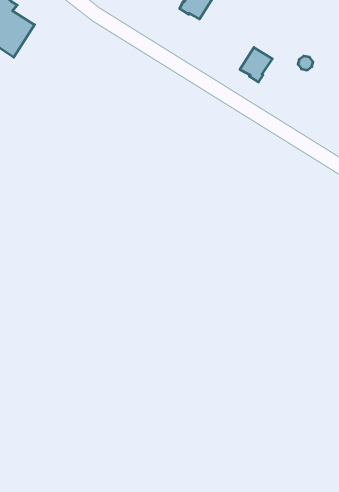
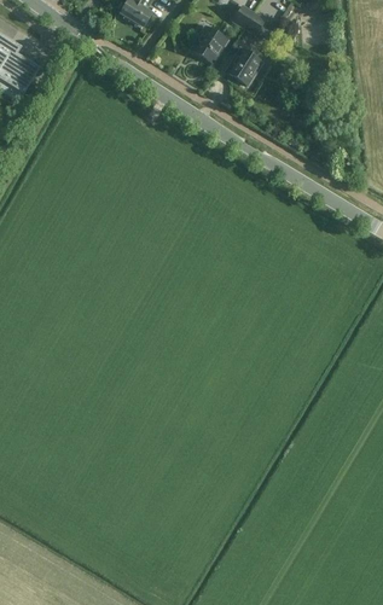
building: [240,47,272,82] -> [226,47,260,83]

